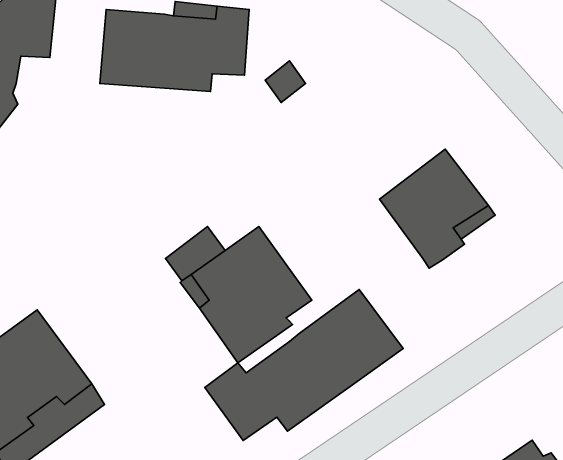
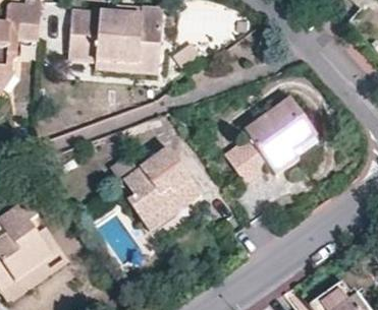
building: none -> [96,50,161,73]
building: none -> [225,135,274,186]
building: [205,290,403,441] -> none

